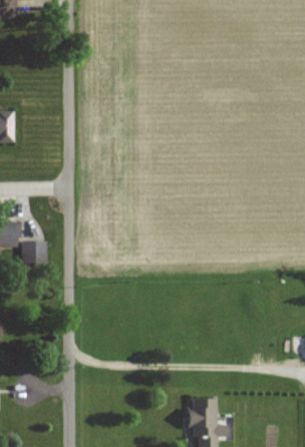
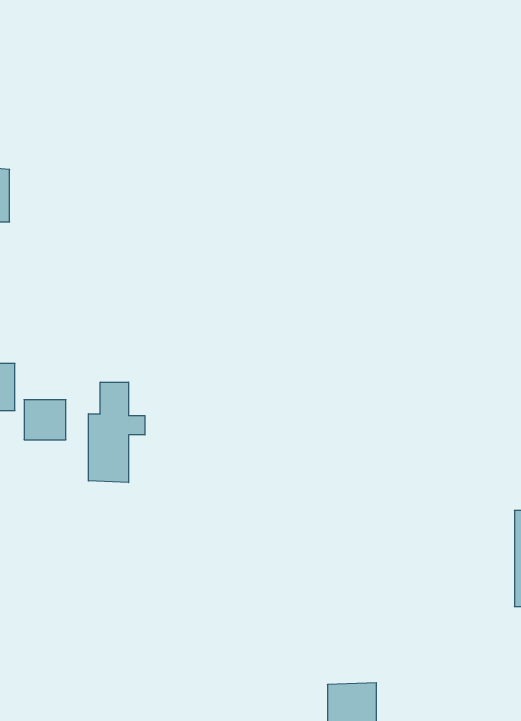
building: none -> [88,382,145,483]

